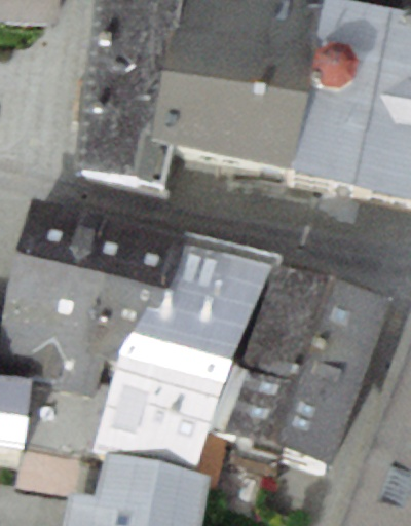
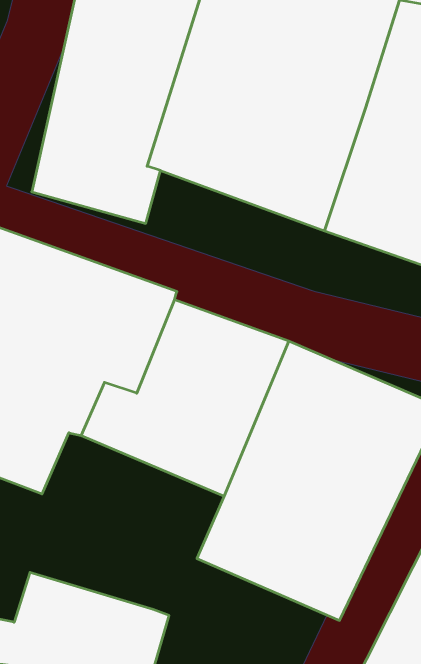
building: [92,348,240,471] -> none

